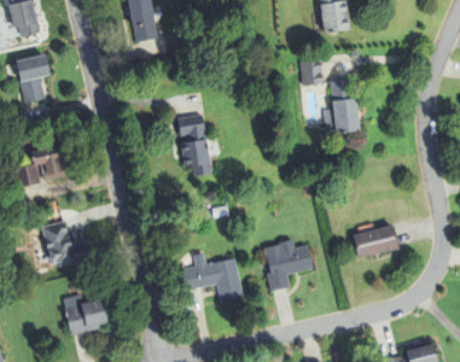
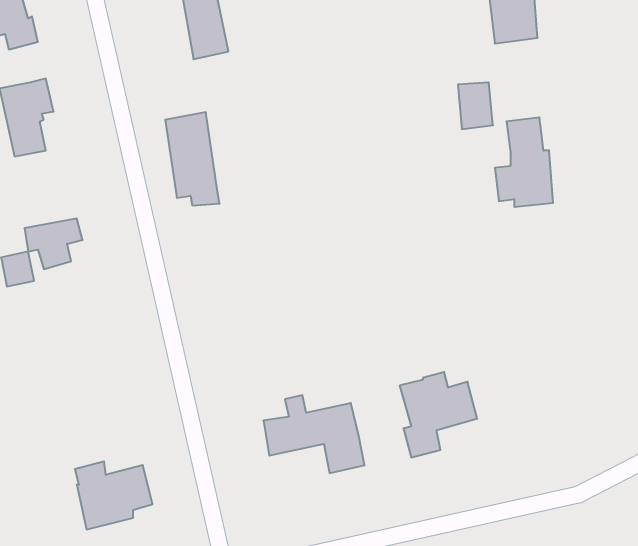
building: [177,115,211,173] -> [165,112,220,205]
building: [41,220,92,265] -> none
building: [353,223,398,256] -> none

